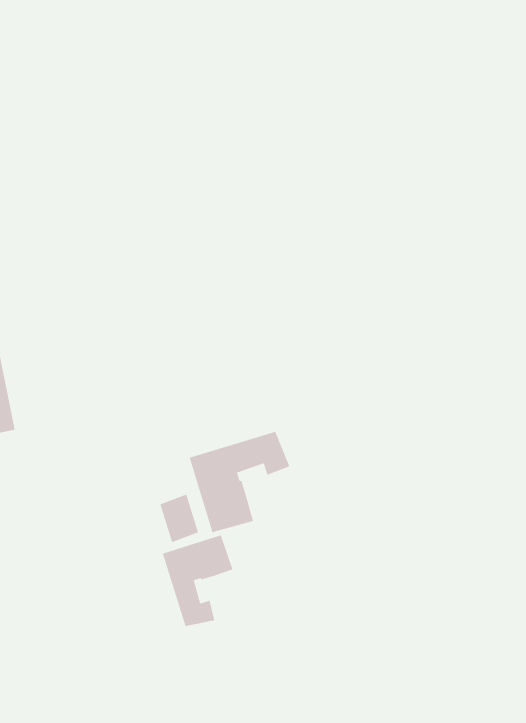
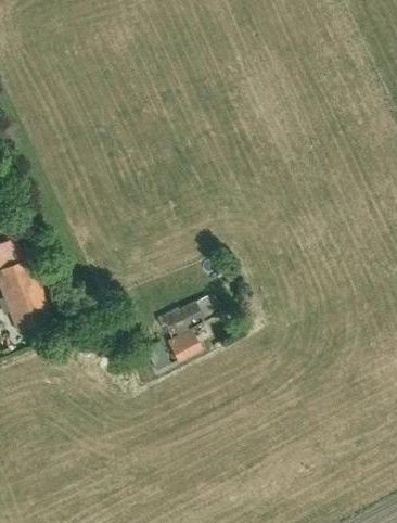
building: [162,534,233,627] -> none

